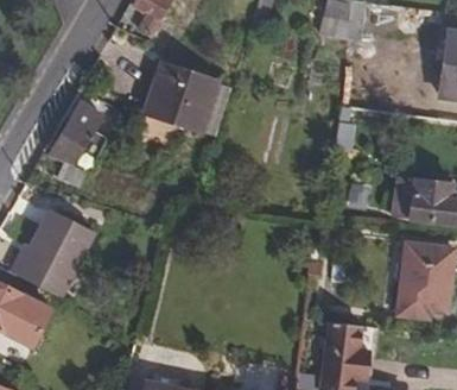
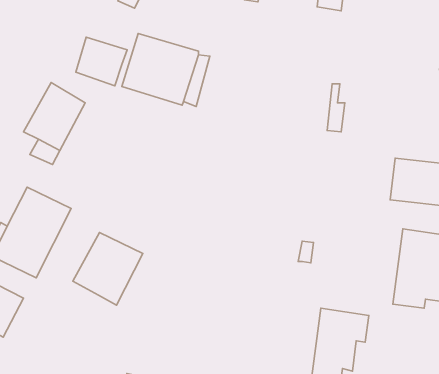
building: none -> [76,37,127,86]
building: none -> [73,232,143,305]

